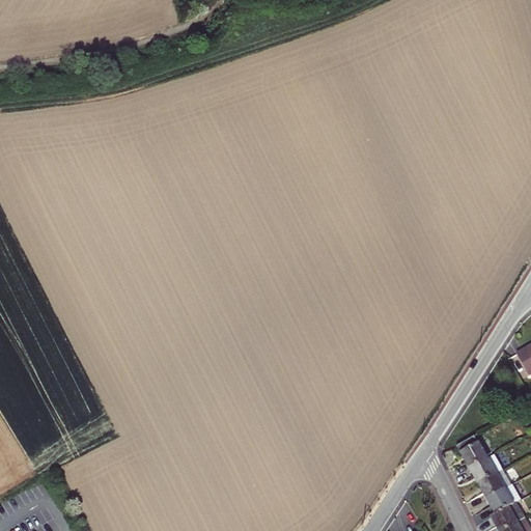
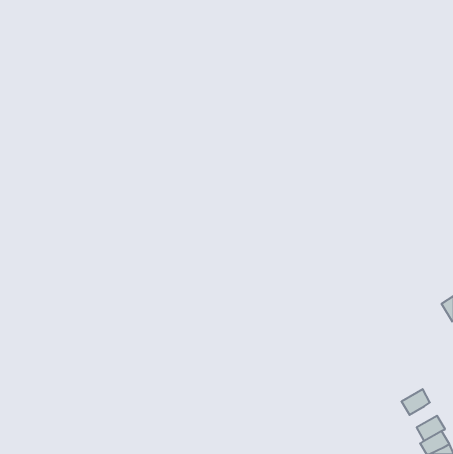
building: [457,437,487,469] -> none
building: [479,470,512,499] -> none

